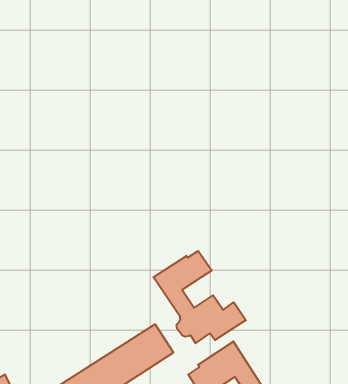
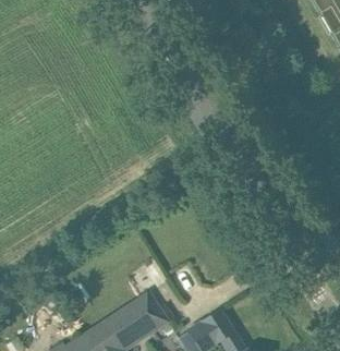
building: [153,251,246,343] -> none

